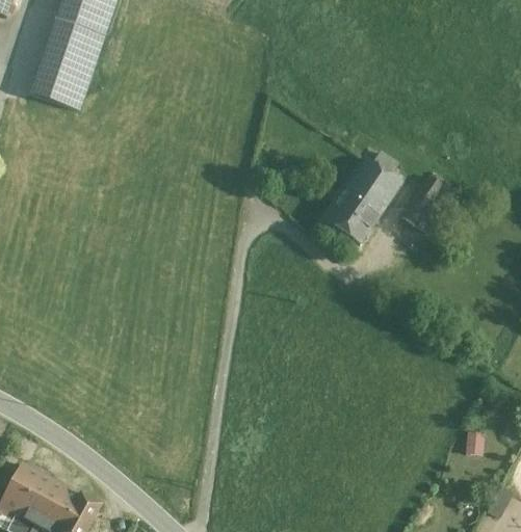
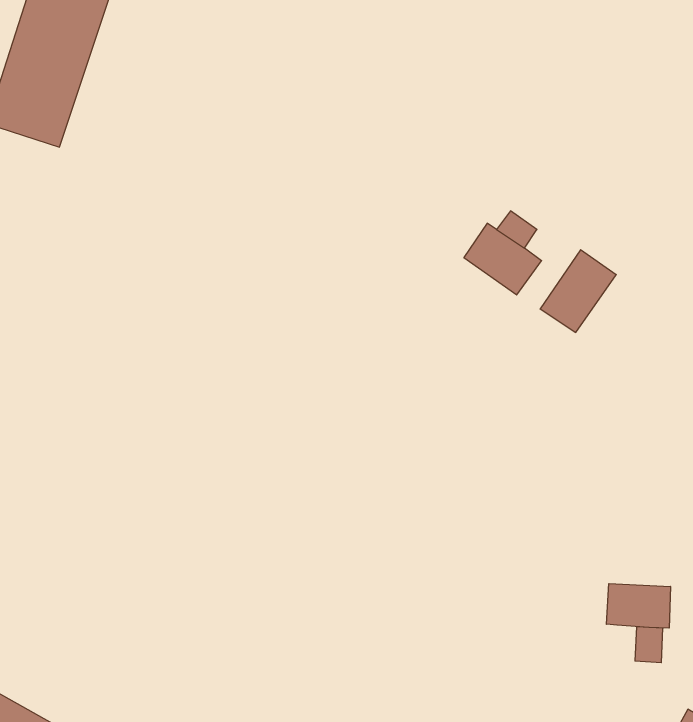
building: [324,182,386,244] -> none
building: none -> [606,584,670,628]

